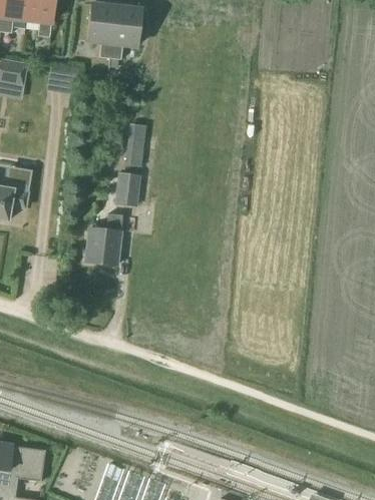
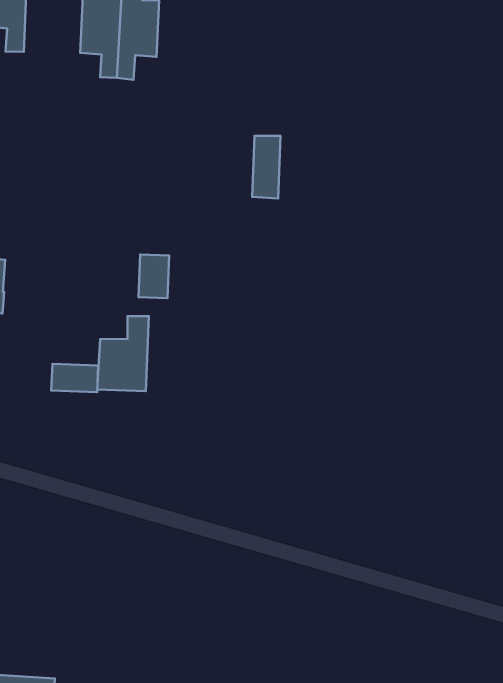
building: [124,124,145,166] -> [252,136,280,198]
building: none -> [51,364,98,392]

